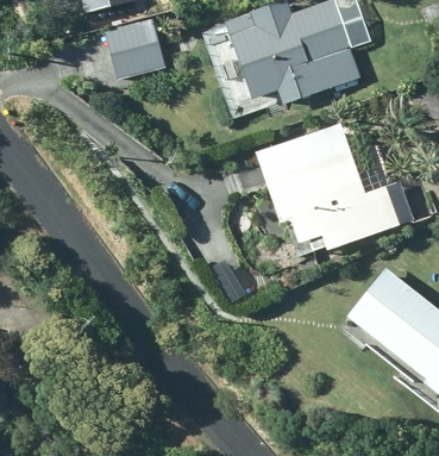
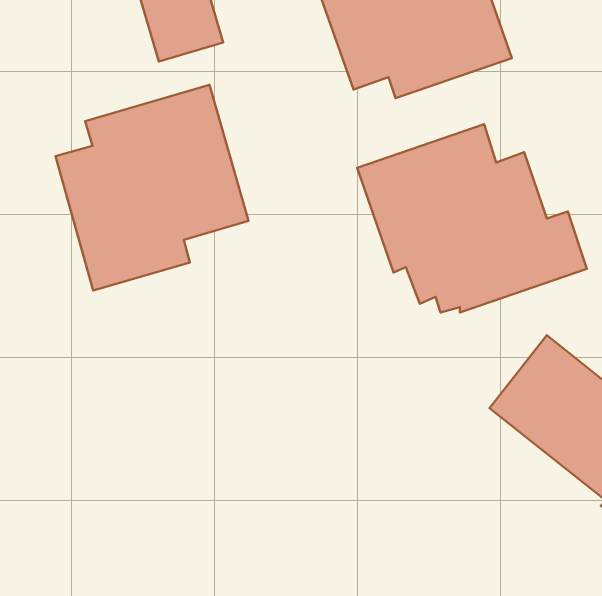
building: none -> [55,85,249,291]

